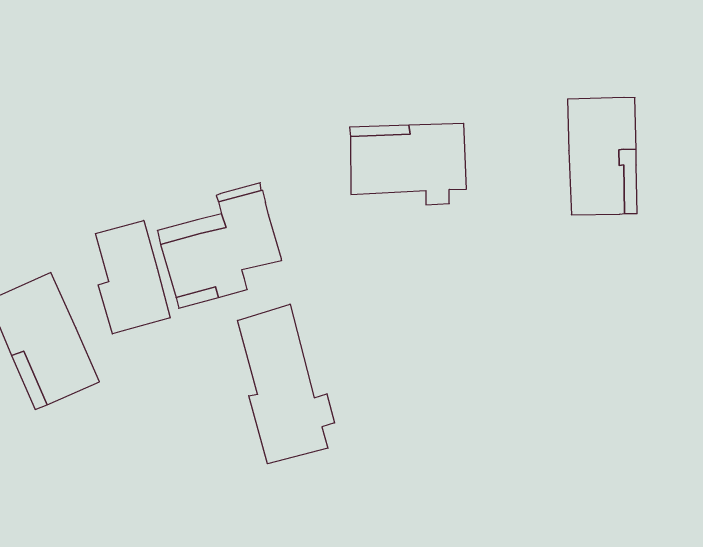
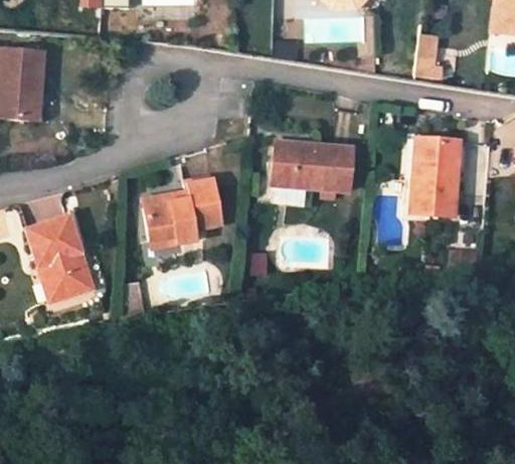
building: [96,220,170,334] -> none
building: [238,304,335,464] -> none

